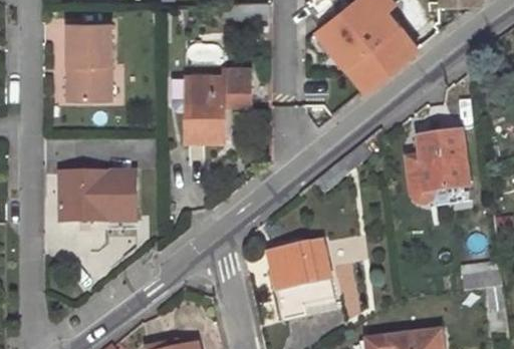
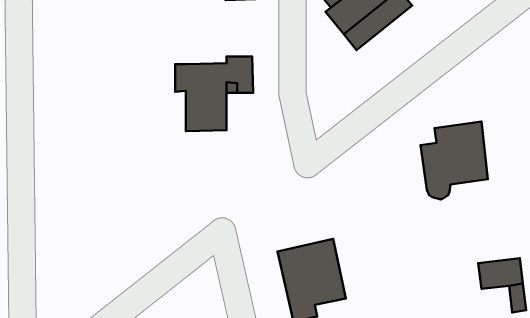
building: [344,21,417,87] -> none
building: [64,26,106,104] -> none
building: [60,172,133,219] -> none

